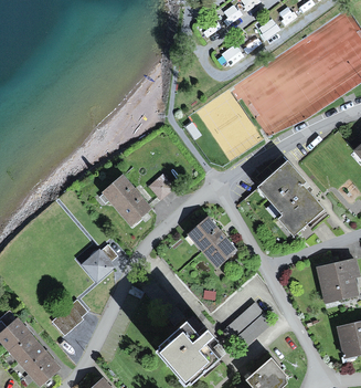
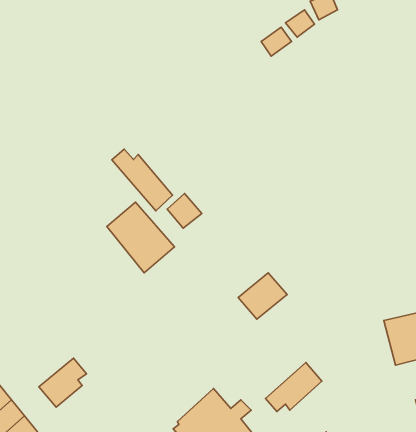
building: none -> [112,149,173,211]
building: [263,161,329,238] -> none
building: [188,214,225,250] -> none
building: [81,250,115,285] -> none

